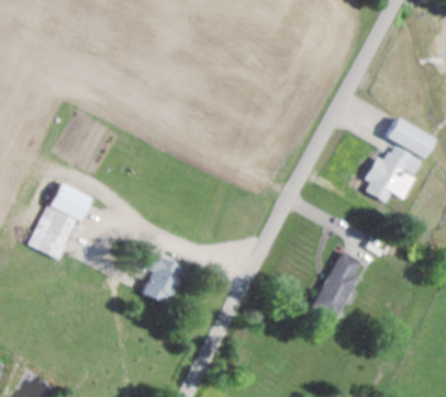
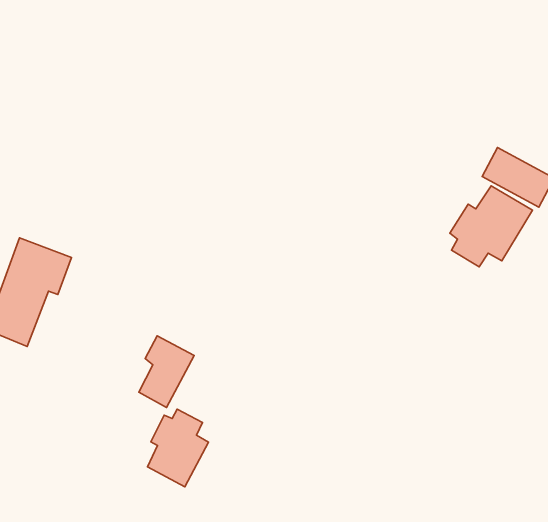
building: [313,252,360,315] -> none
building: none -> [147,409,208,487]

